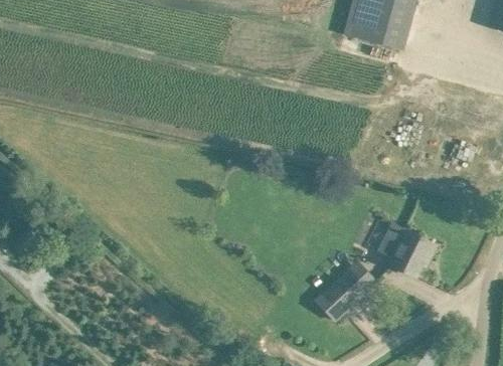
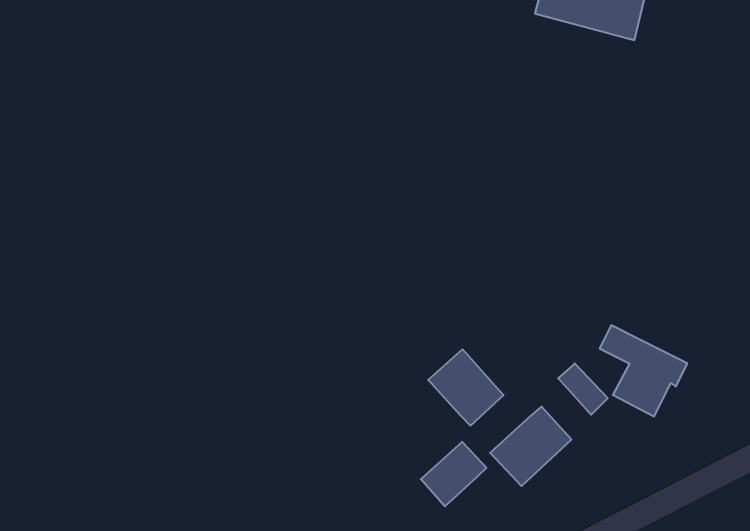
building: none -> [428,349,504,426]
building: none -> [421,442,486,506]

